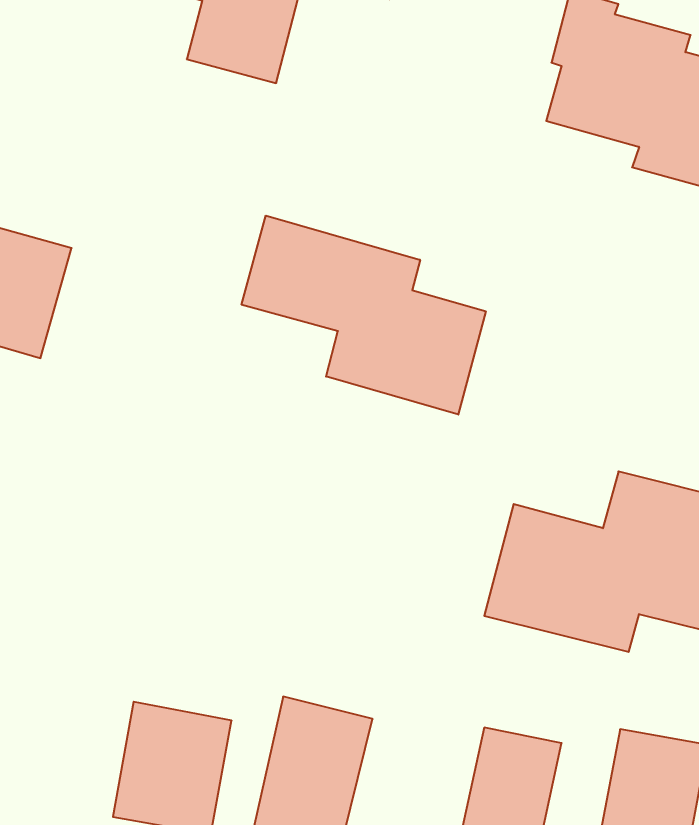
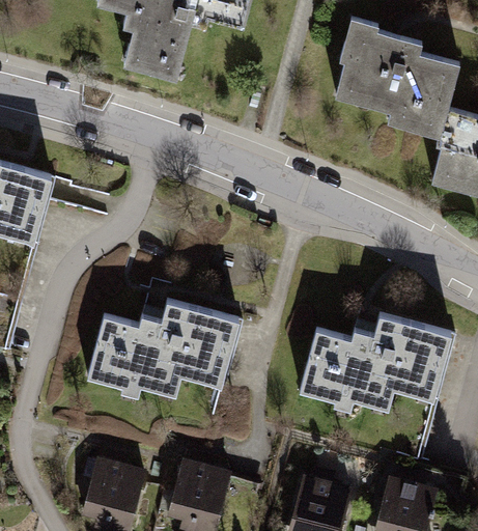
building: [242,216,486,415] -> none
building: none -> [87,287,243,395]

